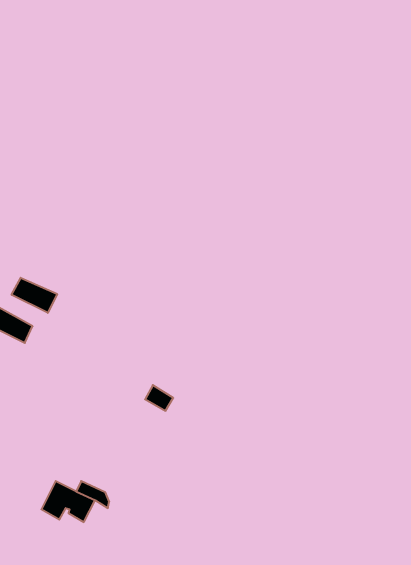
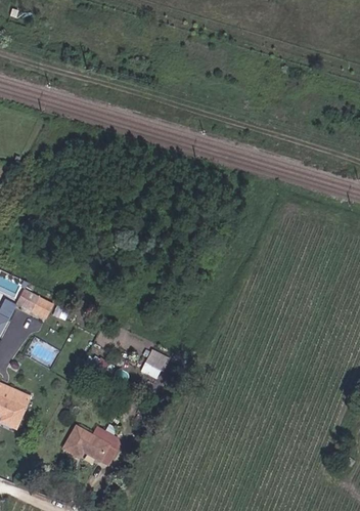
building: [12,278,57,313] -> none

